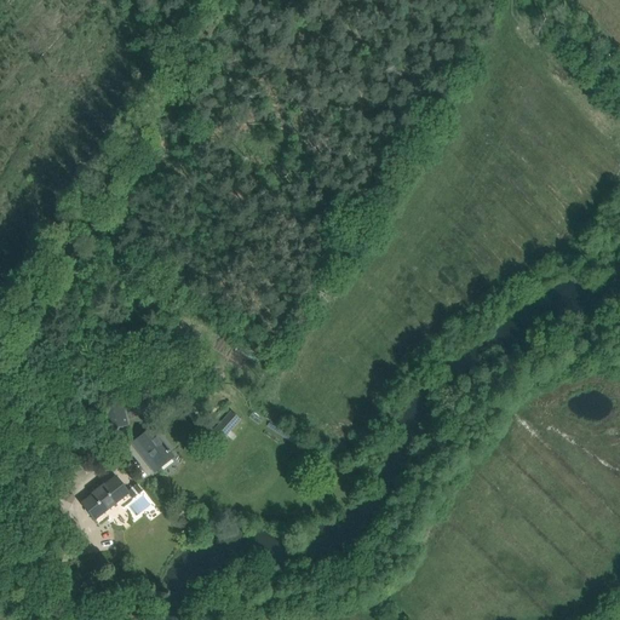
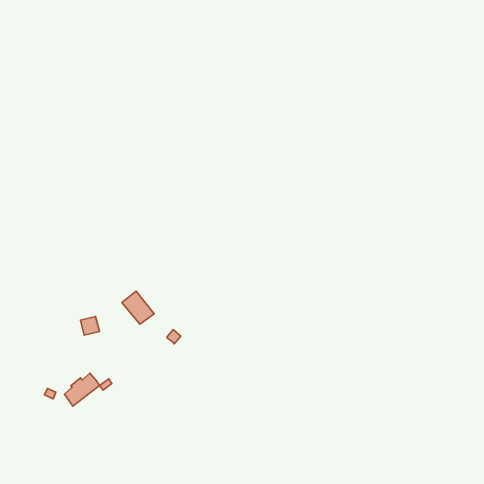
building: [132,429,173,471] -> [122,291,154,324]

